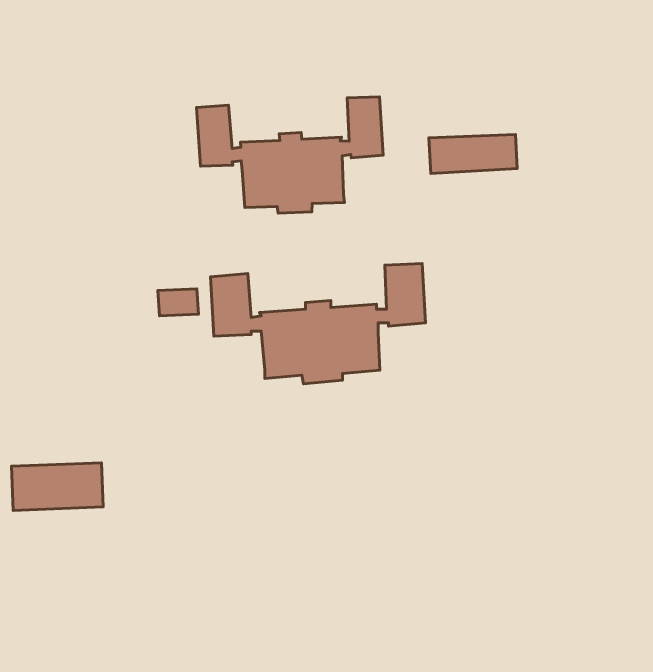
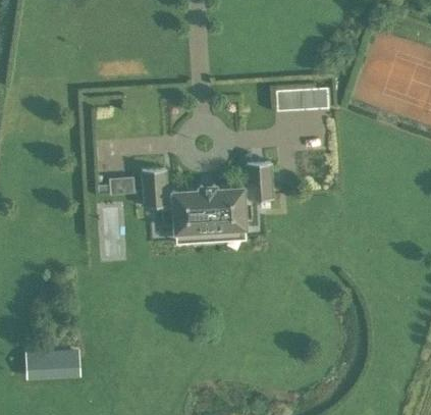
building: [197,97,383,213] -> none
building: [12,463,103,510] -> [26,351,82,379]

